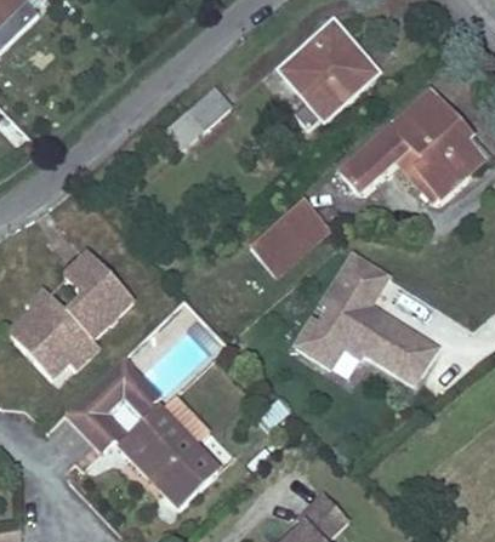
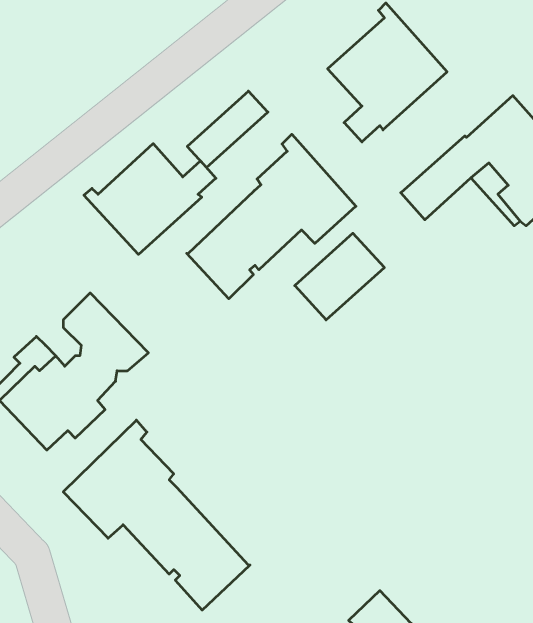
building: none -> [187,134,356,299]
building: none -> [84,144,216,254]
building: [291,256,439,395] -> none

